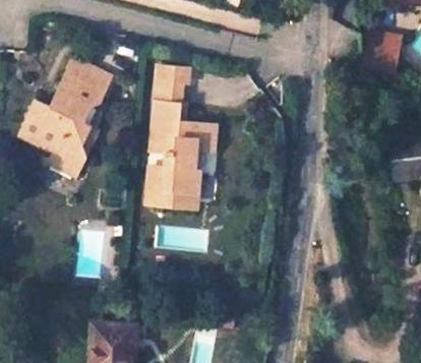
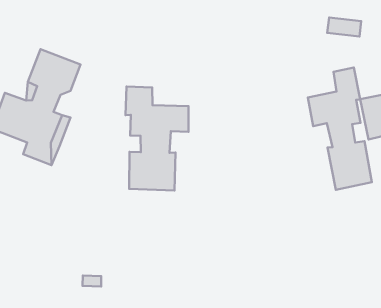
building: [157,67,186,108] -> none
building: none -> [308,67,372,190]

